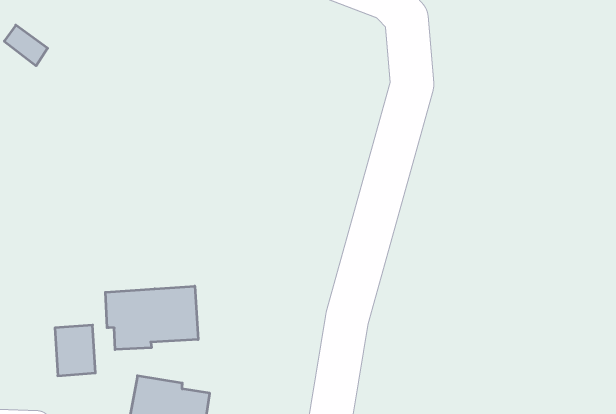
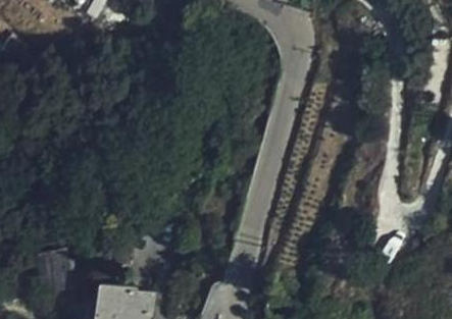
building: [105,286,198,350] -> none

